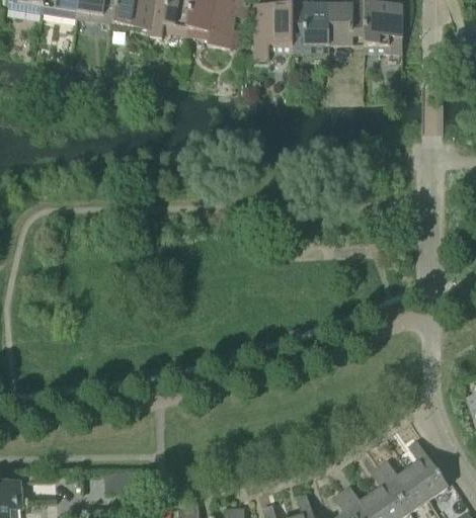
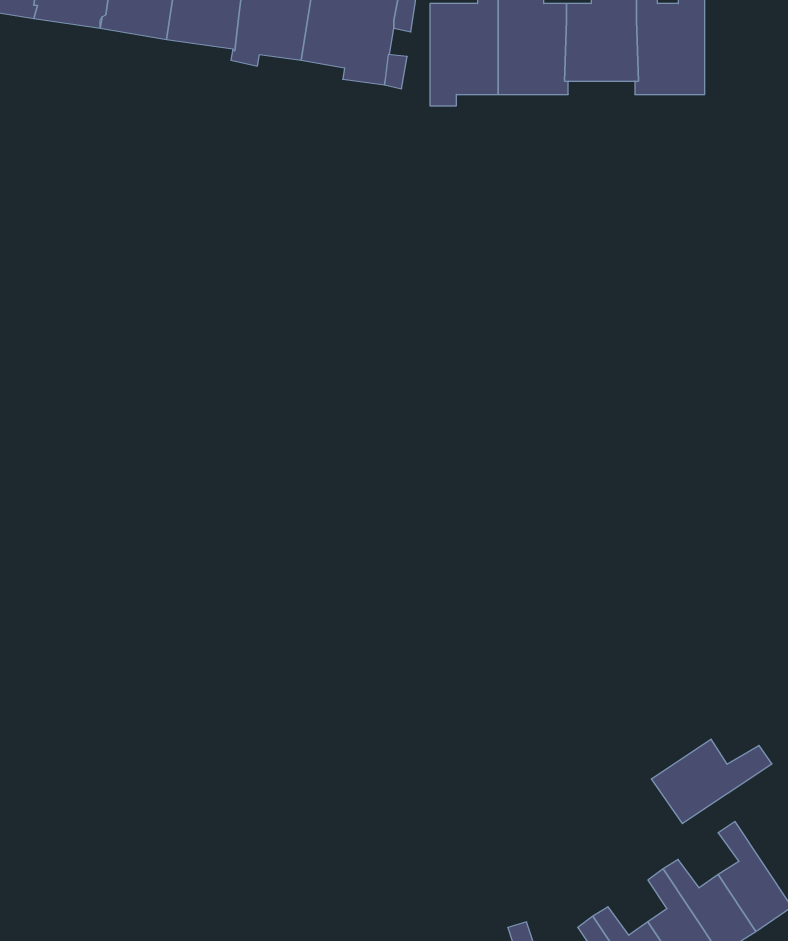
building: none -> [651,739,772,824]

